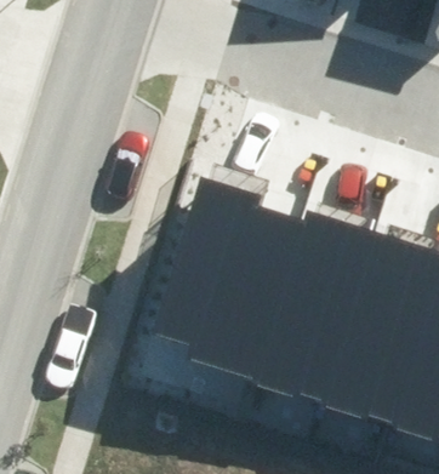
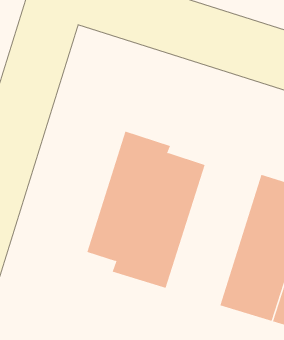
building: [253,218,376,410] -> none

